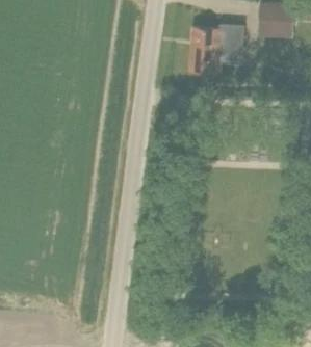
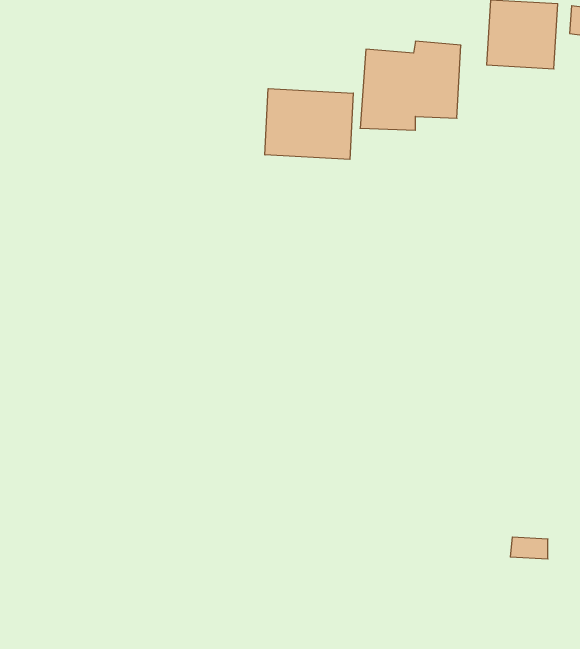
building: none -> [265,89,353,159]

